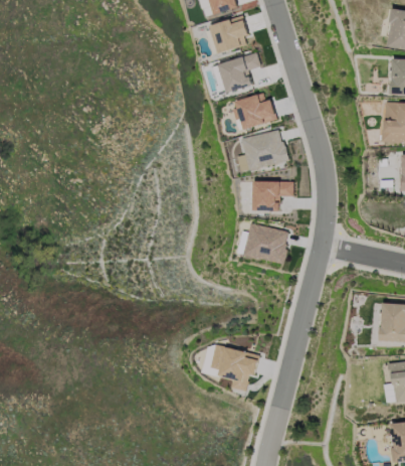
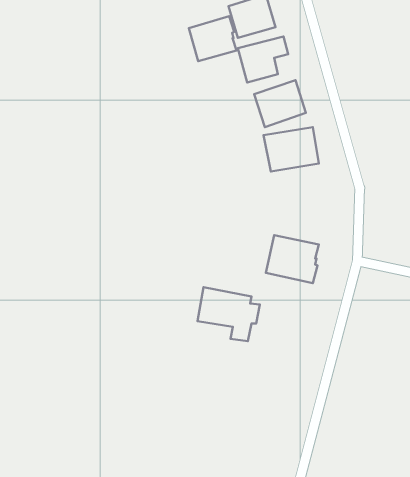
building: none -> [189,16,237,61]
building: [253,182,291,209] -> none
building: [203,344,256,391] -> [197,287,260,341]

